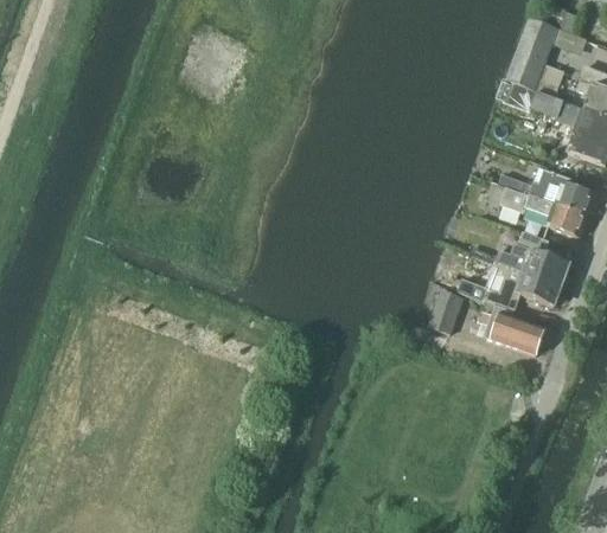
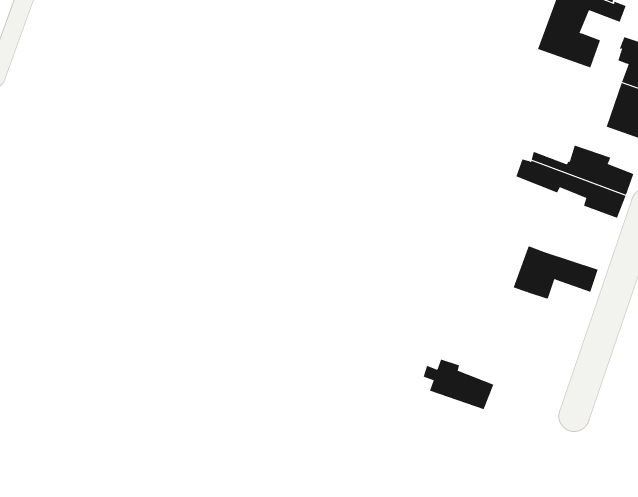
building: [497,79,566,120] -> none
building: [472,232,570,285] -> none
building: [429,291,465,336] -> none
building: [480,307,547,354] -> [423,359,494,410]

